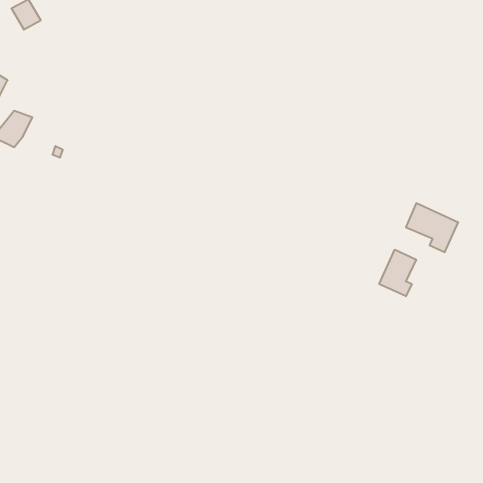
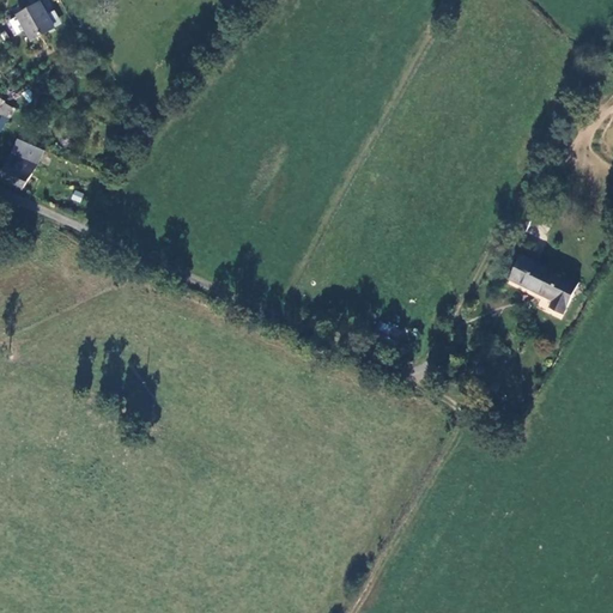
building: [379,250,416,296] -> none

